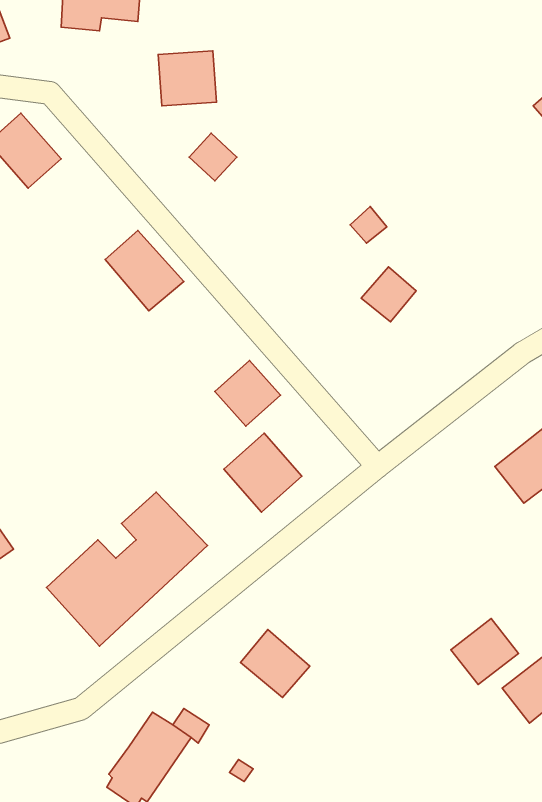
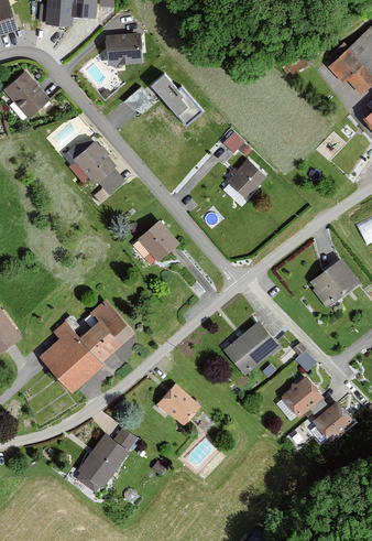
building: none -> [150,75,200,126]
building: [224,433,302,512] -> none
building: none -> [225,324,276,375]

